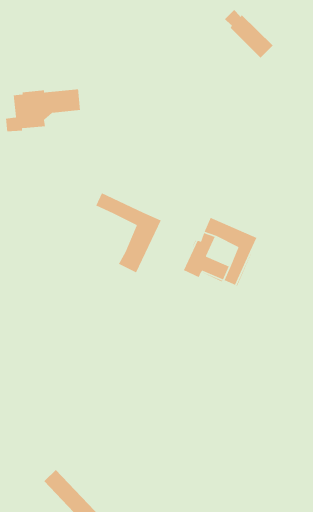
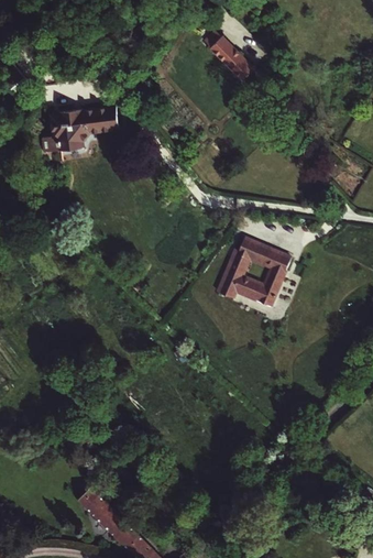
building: [224,9,274,59] -> [204,32,253,81]
building: [95,192,162,273] -> none

